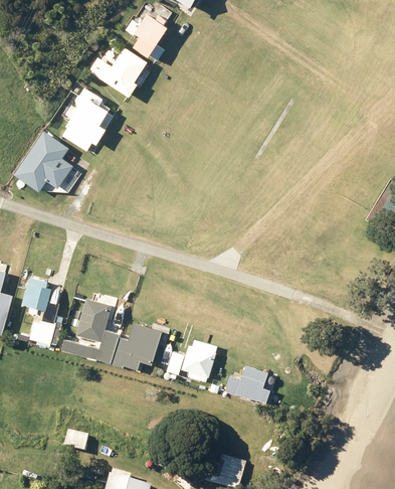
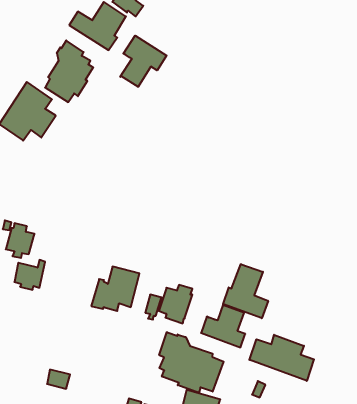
building: none -> [120,36,167,87]
building: [61,298,119,364] -> none
building: none -> [223,264,268,318]
building: none -> [159,332,224,393]
building: none -> [249,335,314,381]

